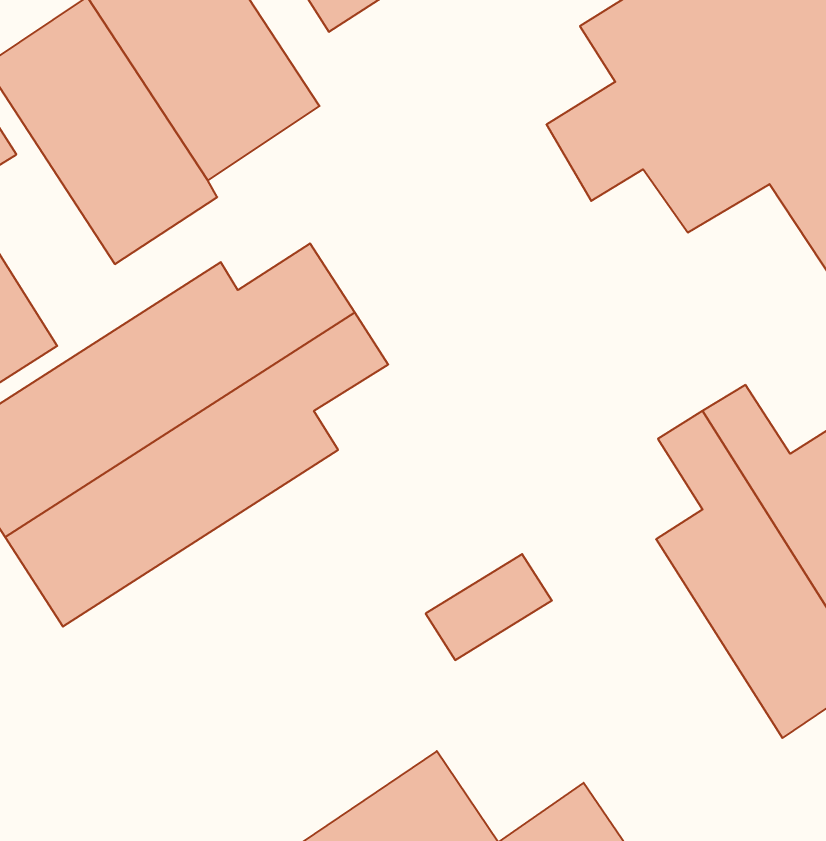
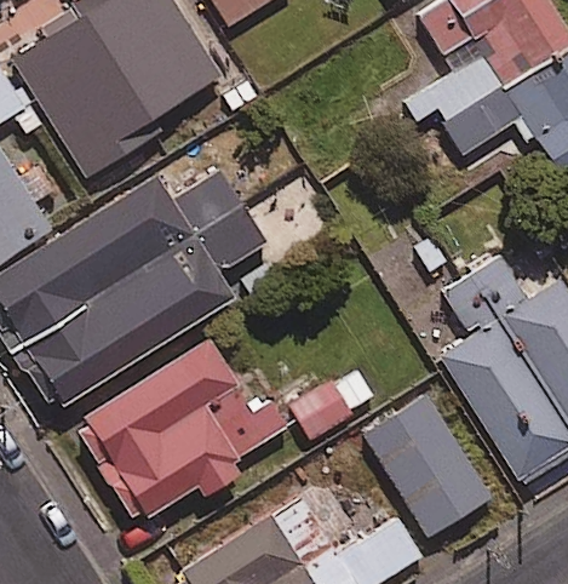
building: none -> [73,339,286,522]
building: none -> [363,394,490,537]

